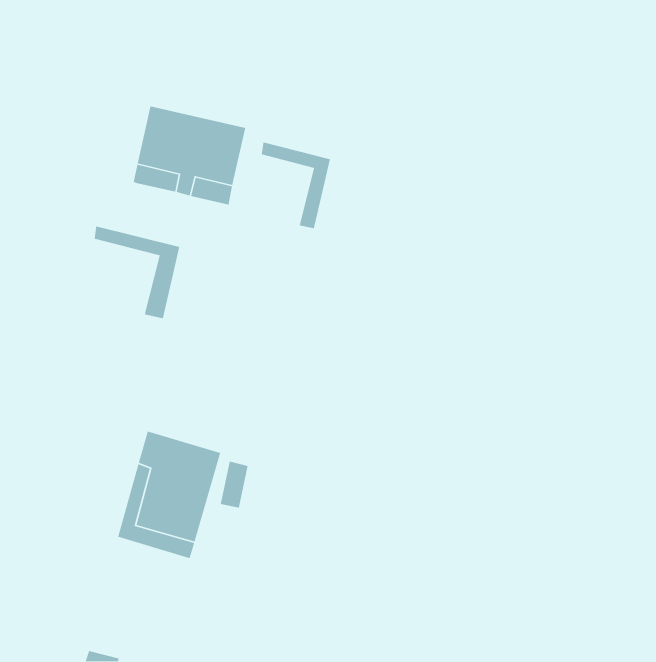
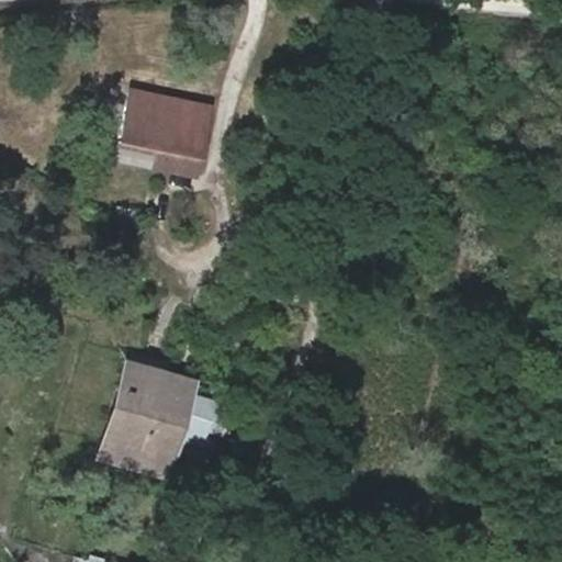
building: [261,142,331,229] -> none
building: [94,225,180,319] -> none

